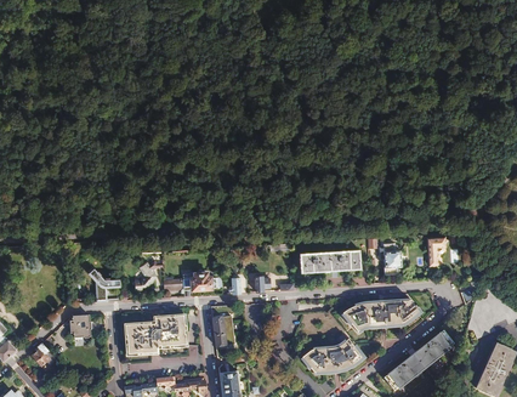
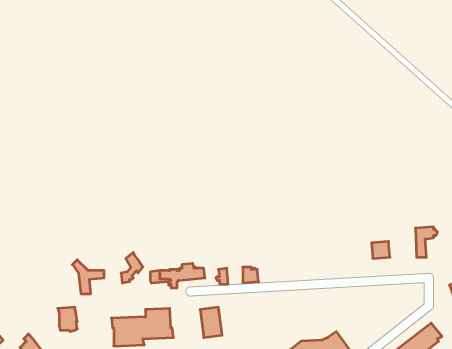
building: [300,248,359,270] -> none
building: [343,299,420,331] -> none

